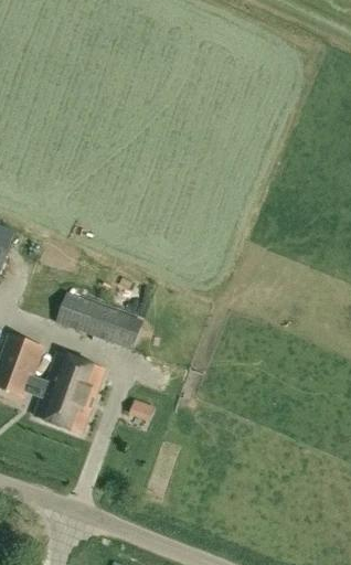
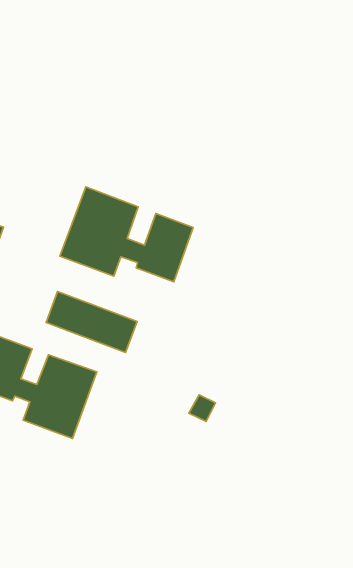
building: none -> [60,187,193,282]

